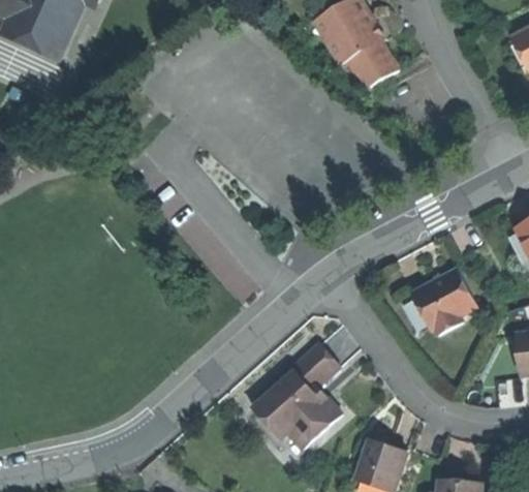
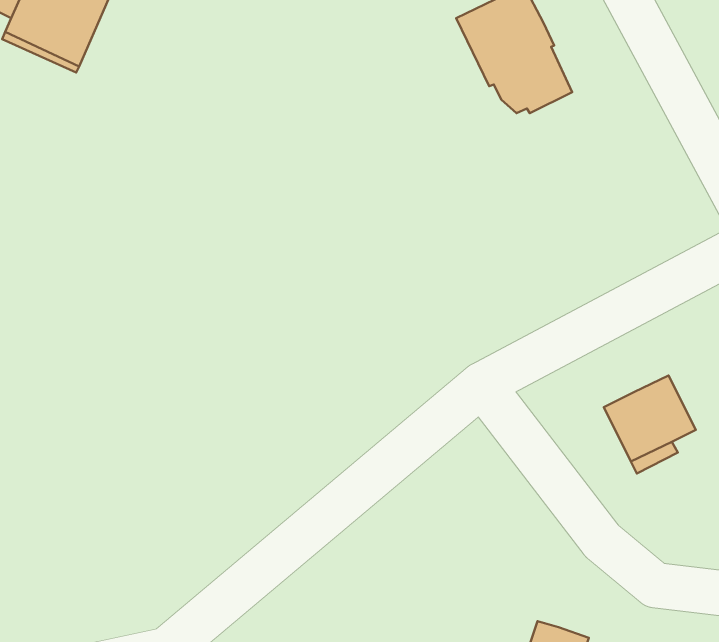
building: [254,341,341,443] -> none

